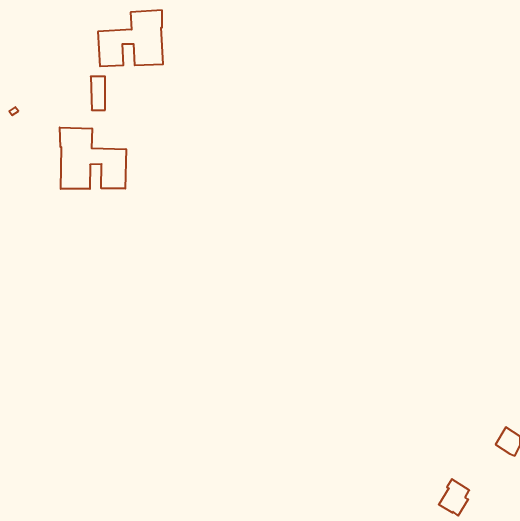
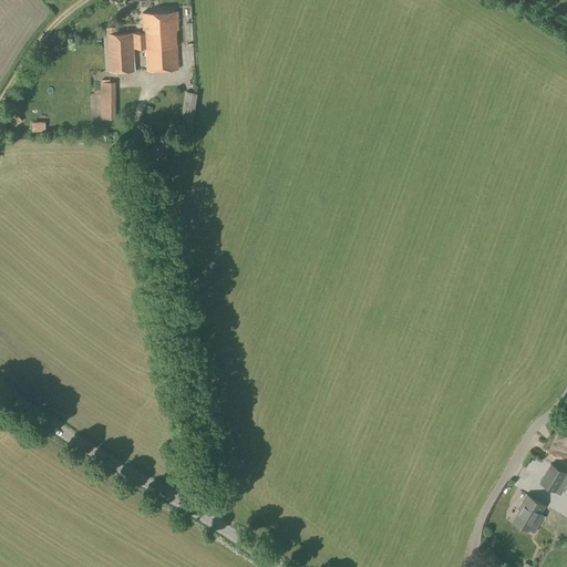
building: [60,127,126,189] -> none
building: [439,479,469,516] -> [512,494,545,534]

